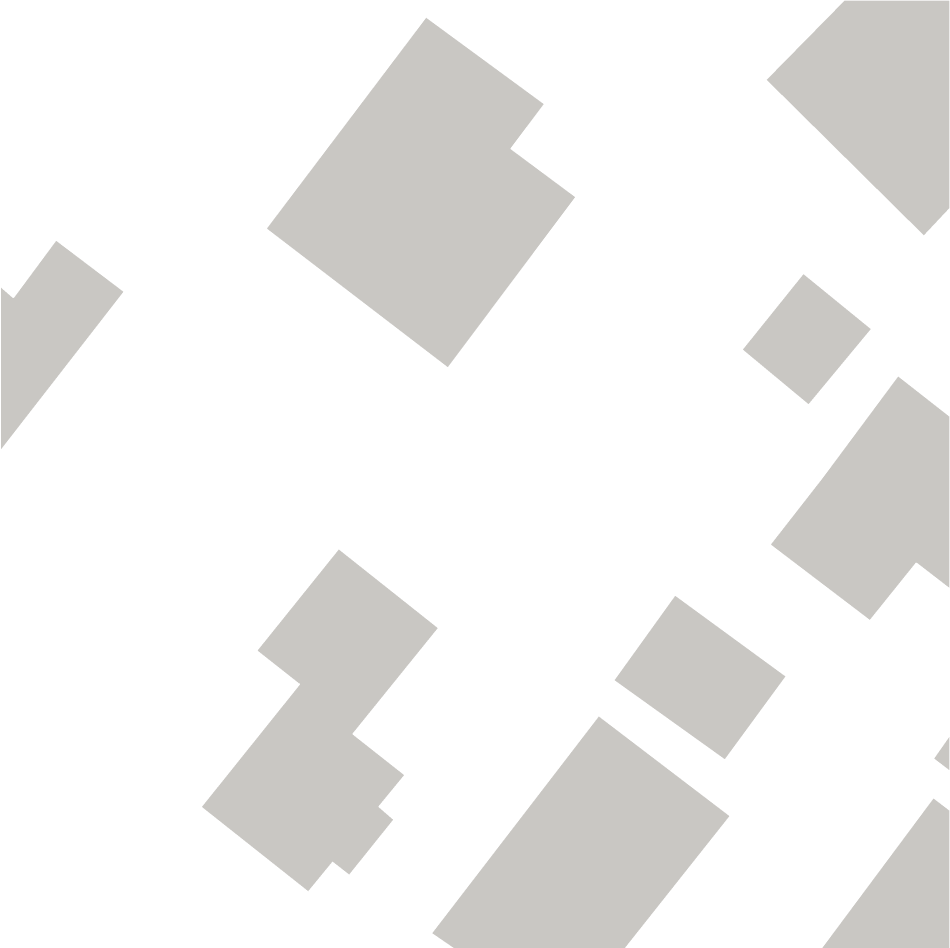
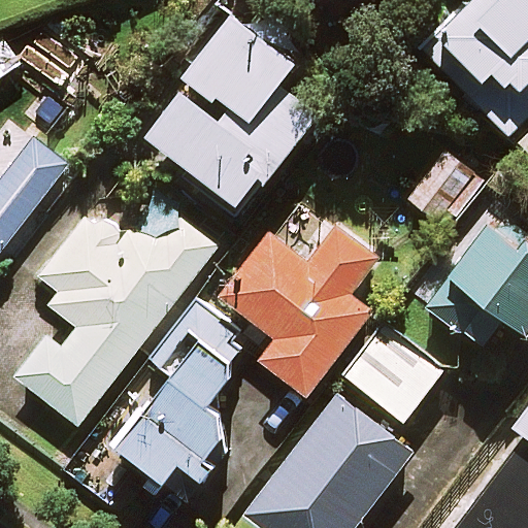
building: none -> [19,196,221,422]
building: none -> [219,231,371,398]

